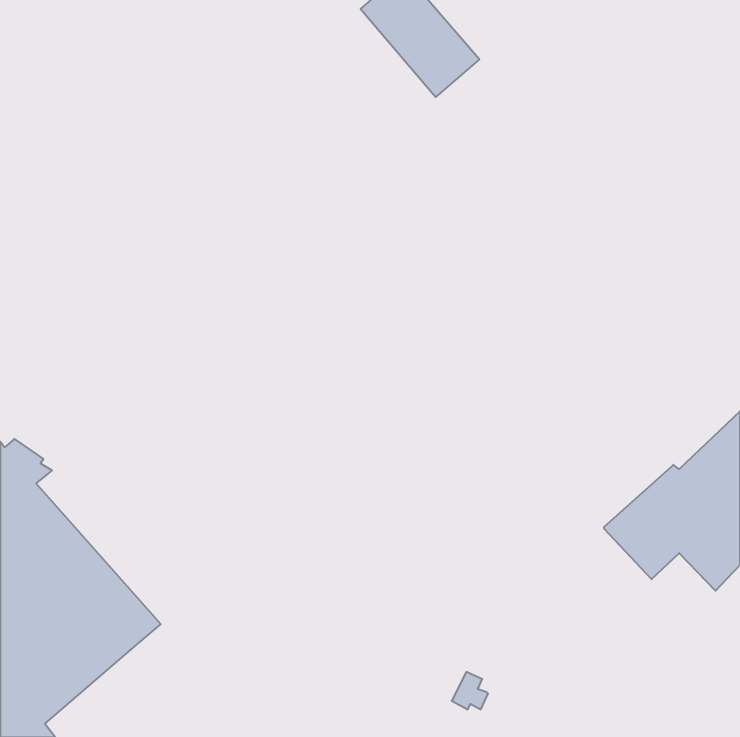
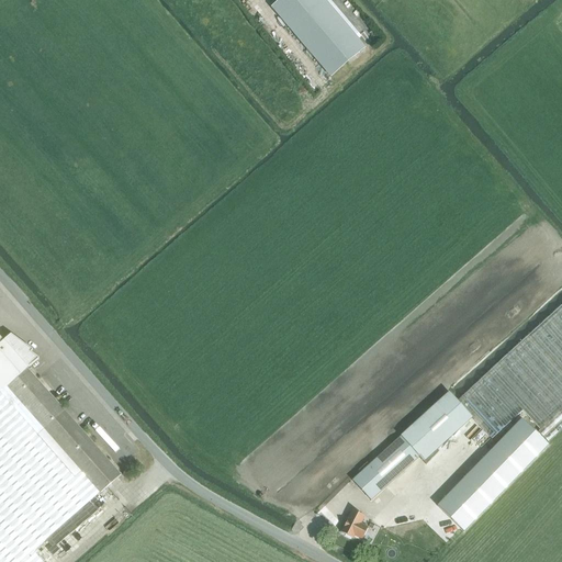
building: none -> [353,391,473,498]
building: none -> [424,428,537,536]

